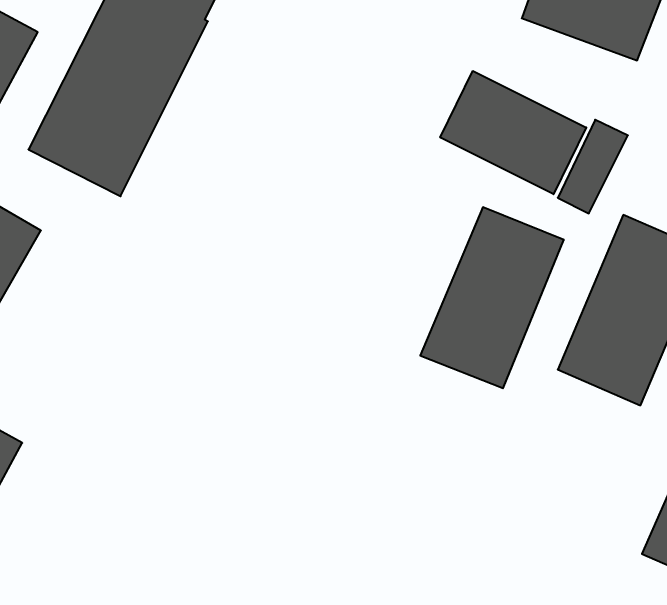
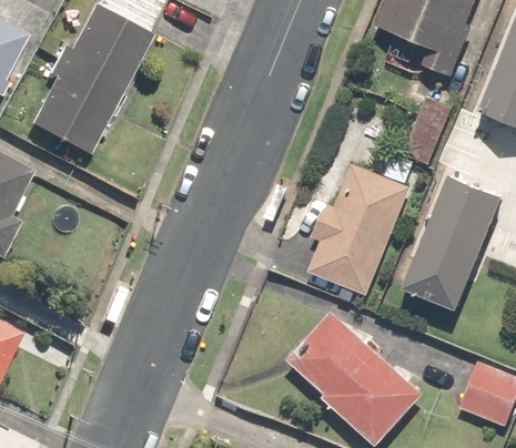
building: [440,71,586,194] -> none
building: none -> [291,314,419,439]

